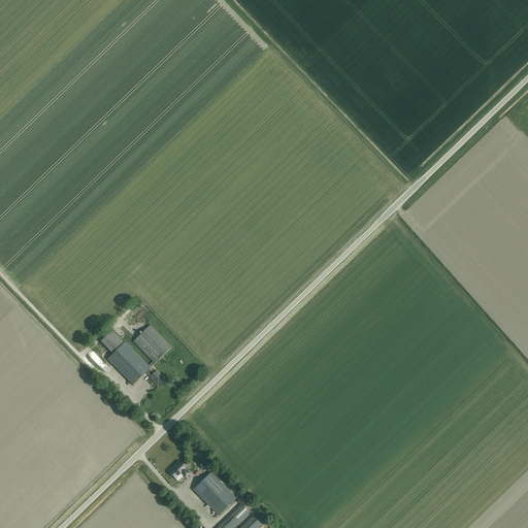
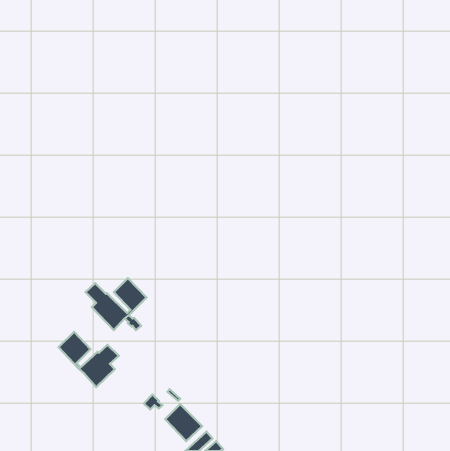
building: none -> [59,332,119,387]

